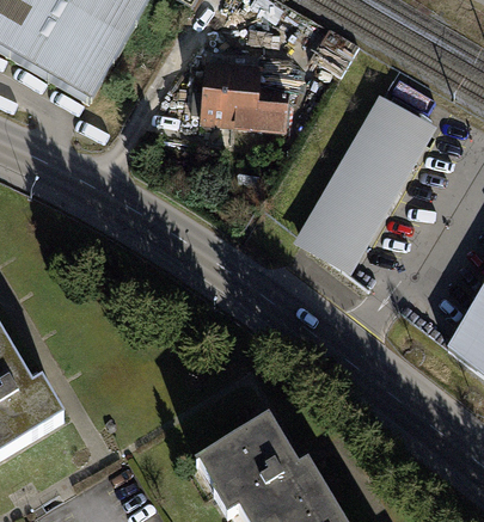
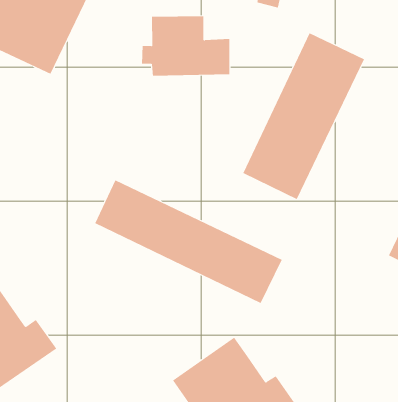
building: none -> [95,179,282,304]

